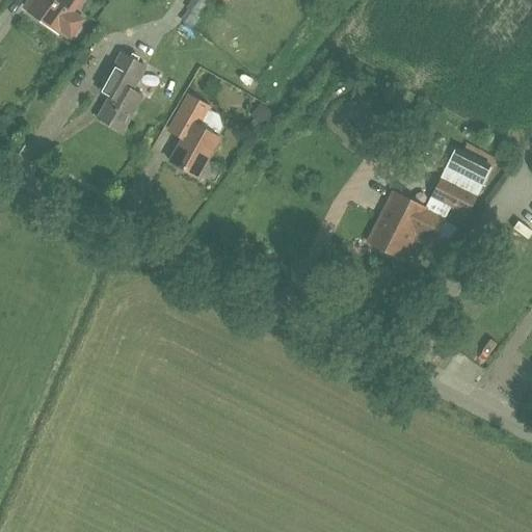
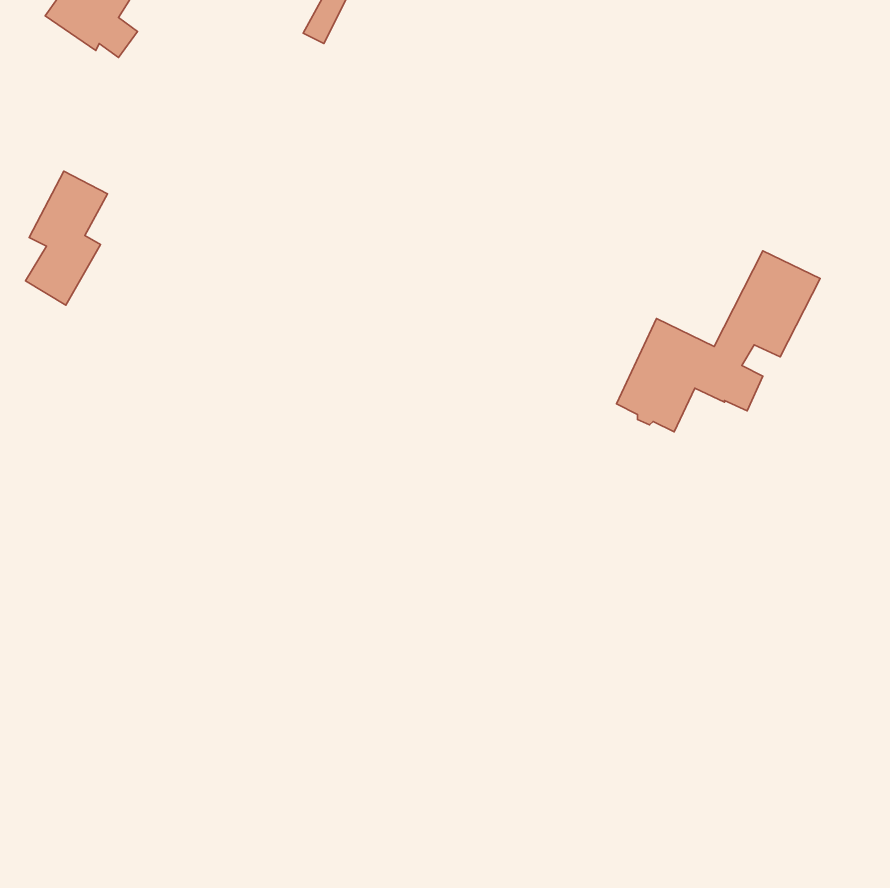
building: [97,51,145,131] -> [26,171,107,305]
building: [169,95,218,177] -> none

